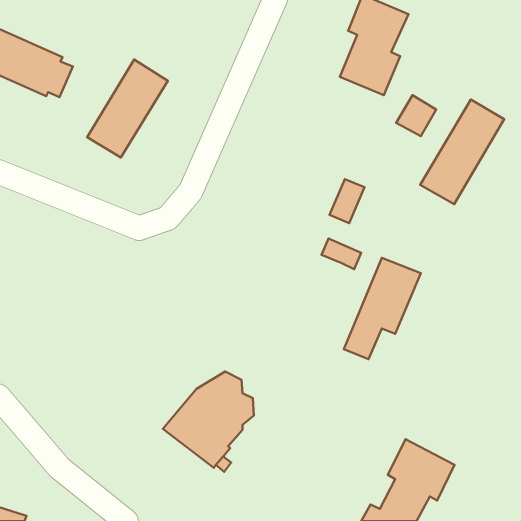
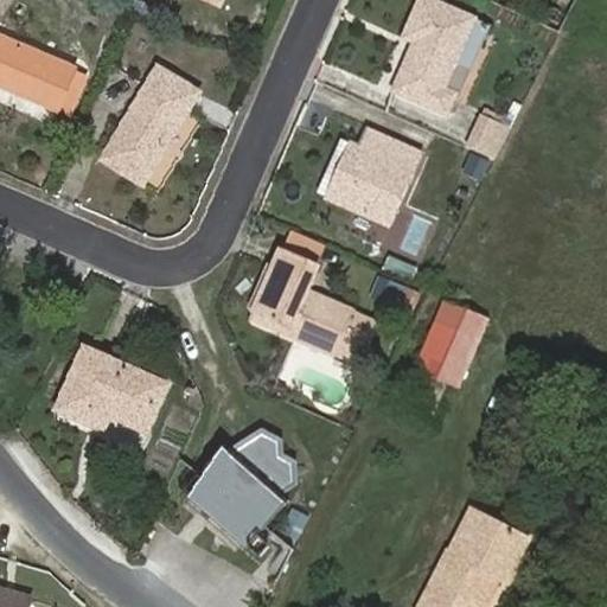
building: [420,100,504,204] -> none
building: none -> [328,126,418,223]
building: none -> [253,250,372,364]
building: none -> [56,347,165,429]

